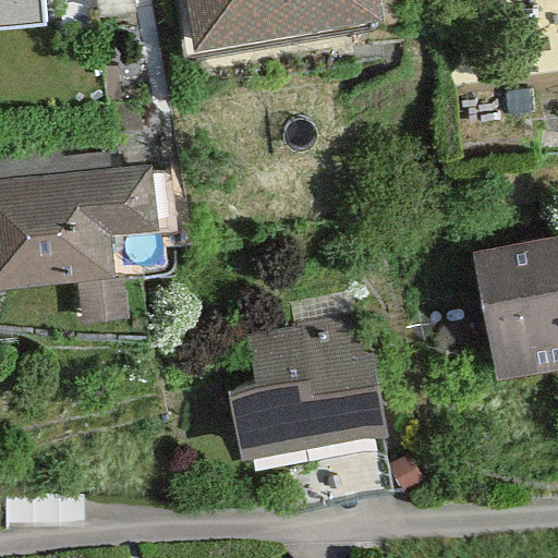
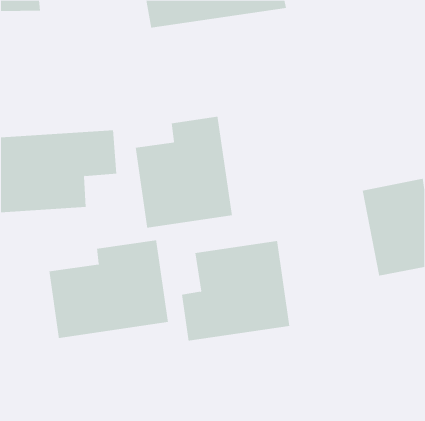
building: none -> [135,116,232,229]
building: none -> [49,239,169,339]

